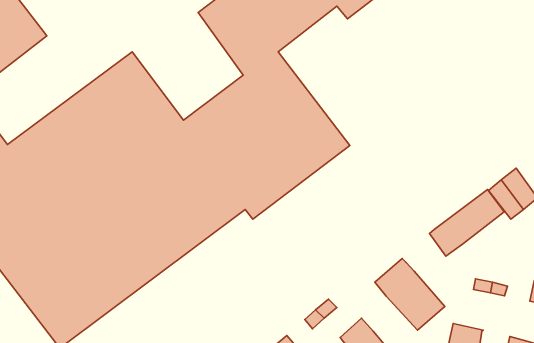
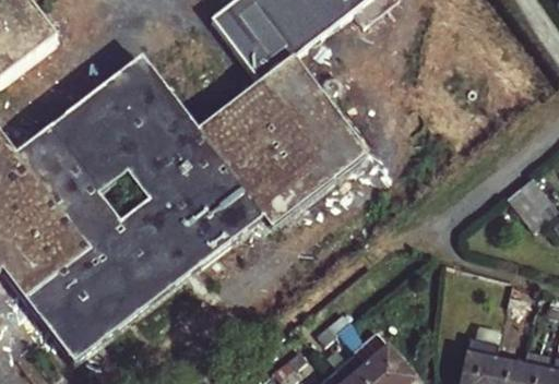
building: [429,189,504,256] -> none
building: [375,259,445,330] -> none

